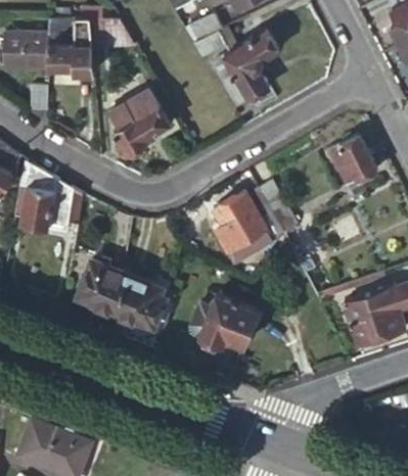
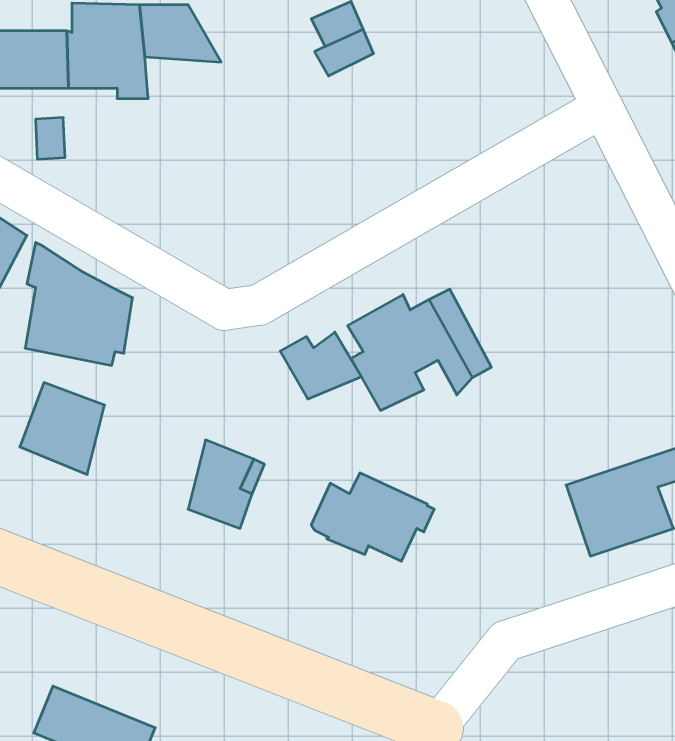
building: [214,33,280,107] -> none
building: [108,89,169,154] -> none
building: [326,135,377,188] -> none
building: none -> [280,332,361,399]
building: [78,264,128,318] -> [20,383,105,474]

